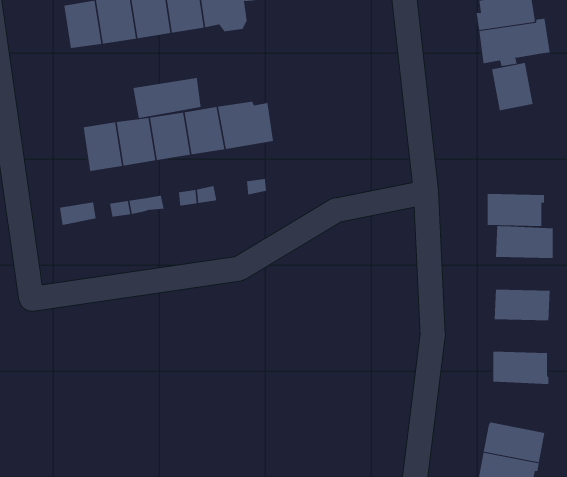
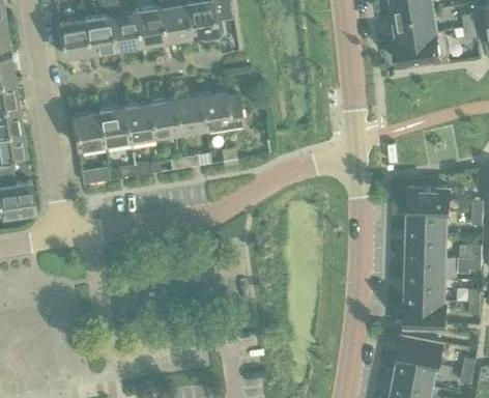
building: none -> [56,21,88,57]
building: [492,62,533,111] -> none
building: [133,77,201,119] -> none
building: none -> [70,112,103,149]
building: [487,193,545,227] -> [406,209,450,234]
building: none -> [404,256,447,281]
building: none -> [403,303,447,328]

